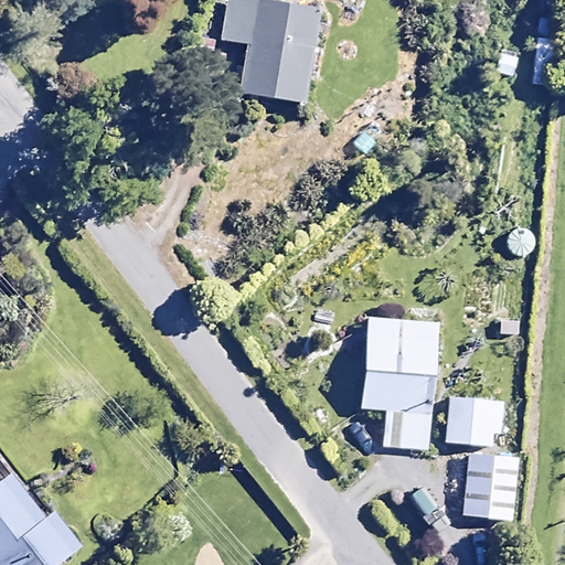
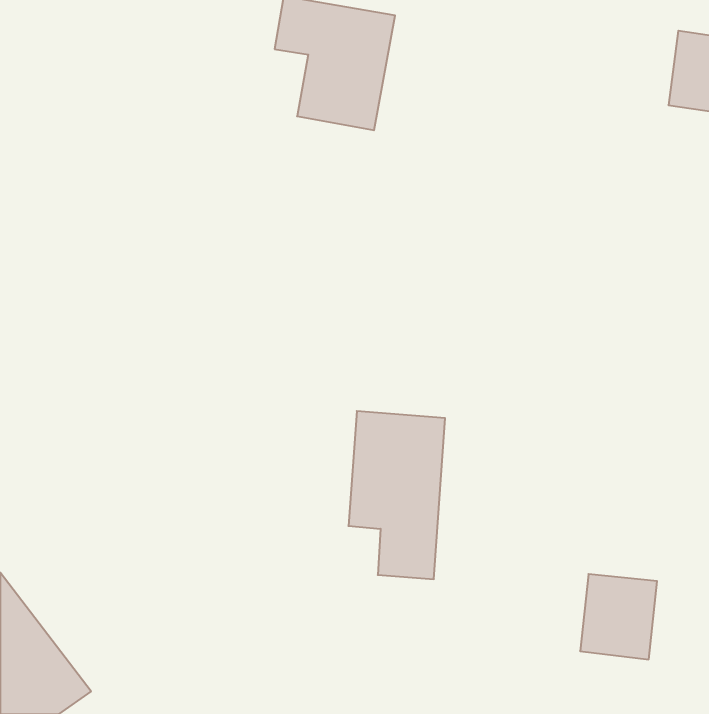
building: [361,317,437,449] -> [348,411,445,579]
building: [445,395,504,447] -> none

